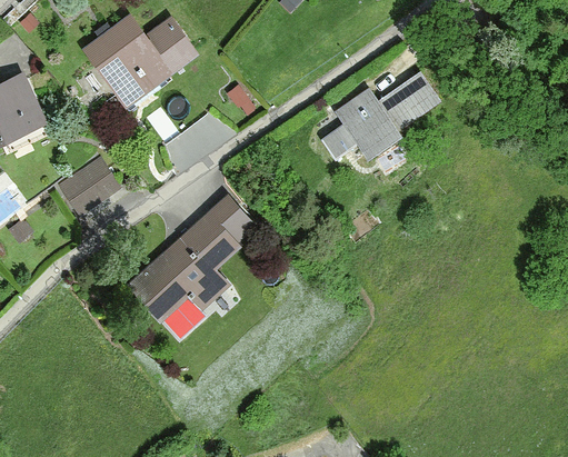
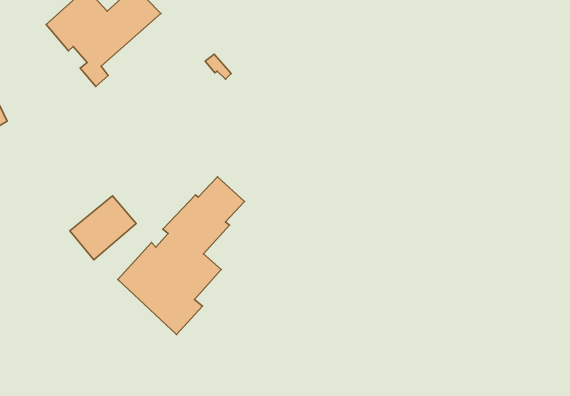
building: [321,71,438,160] -> none
building: [59,158,119,213] -> [70,196,136,260]

